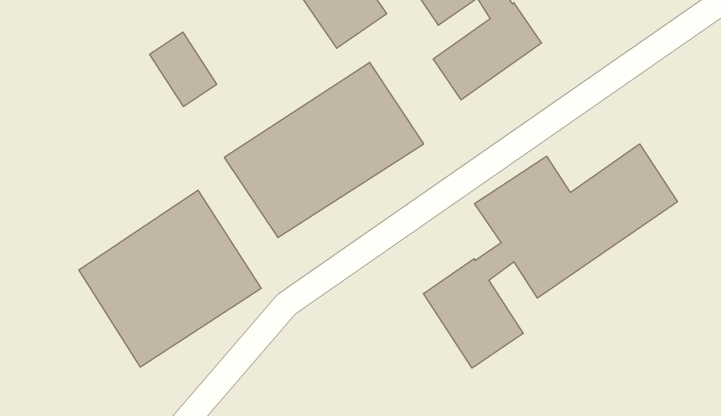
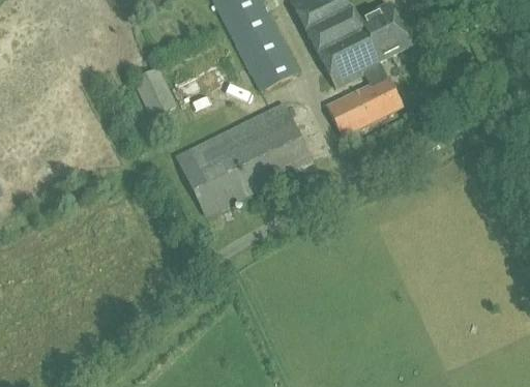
building: [423,144,677,368] -> none
building: [79,190,261,367] -> none

